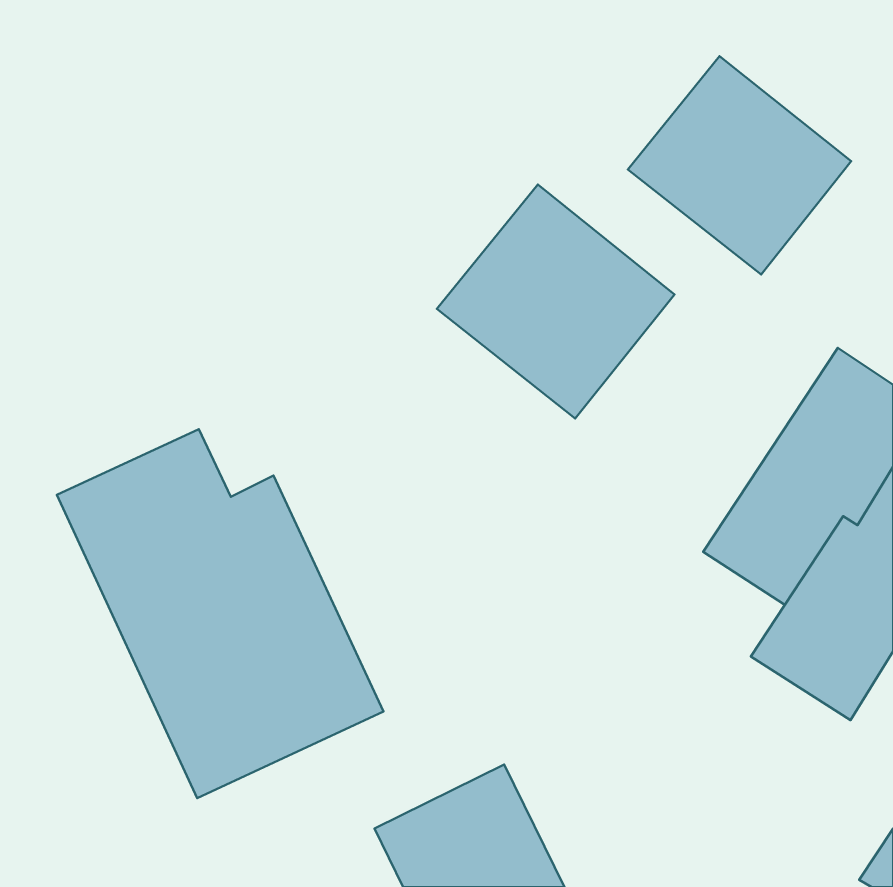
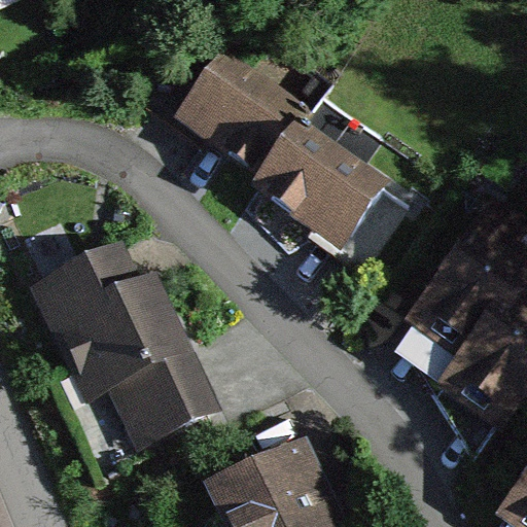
building: [628,56,851,275] -> none
building: none -> [177,51,312,179]

